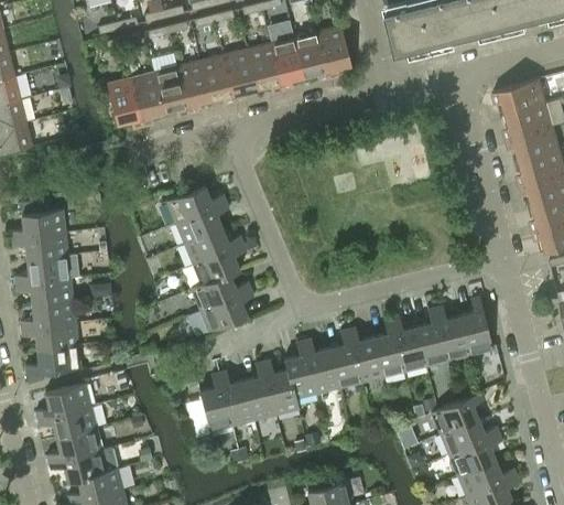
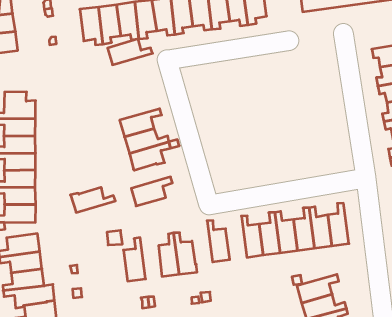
building: [166,185,226,223] -> [108,39,153,65]
building: [191,273,250,310] -> [70,187,115,212]
building: [329,330,361,388] -> none
building: [284,341,317,399] -> none
building: [219,372,253,426] -> none

